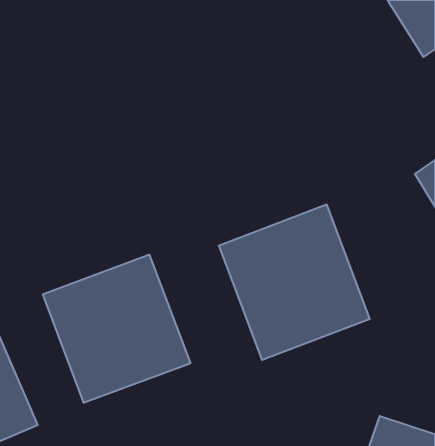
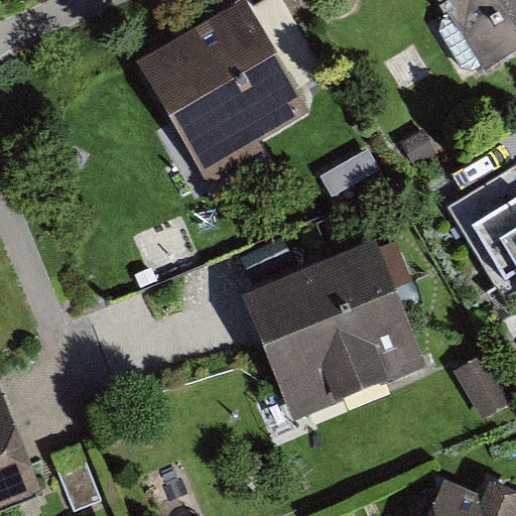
building: none -> [146,8,303,162]
building: [43,255,190,403] -> none

